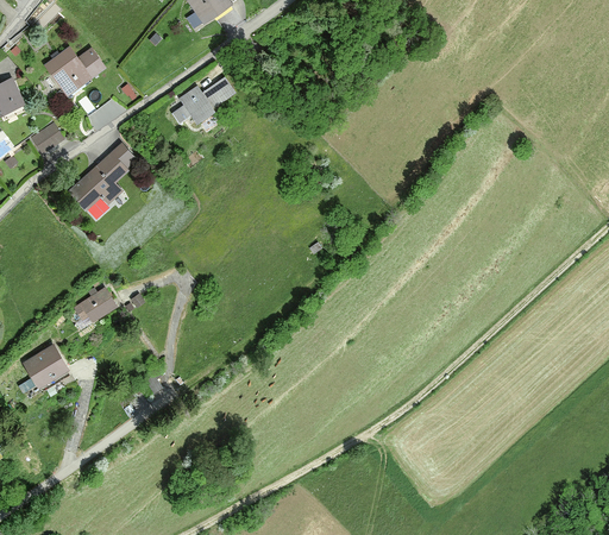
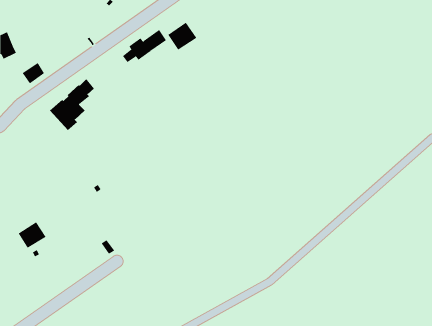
building: [46,49,102,97] -> none
building: none -> [168,22,197,51]
building: [75,289,114,321] -> none

